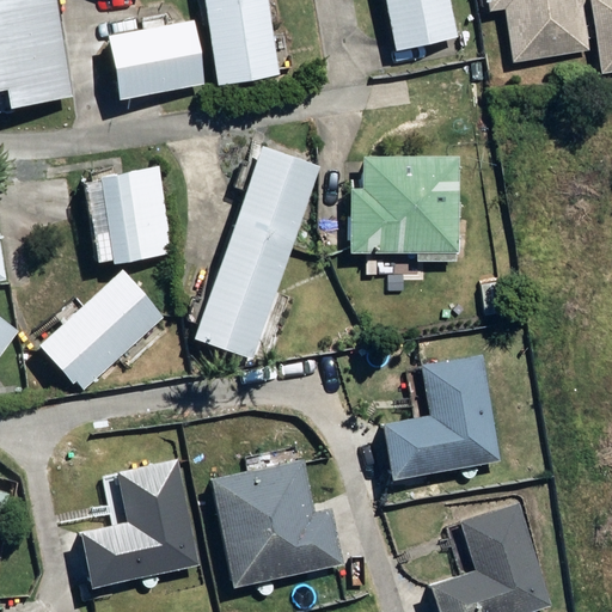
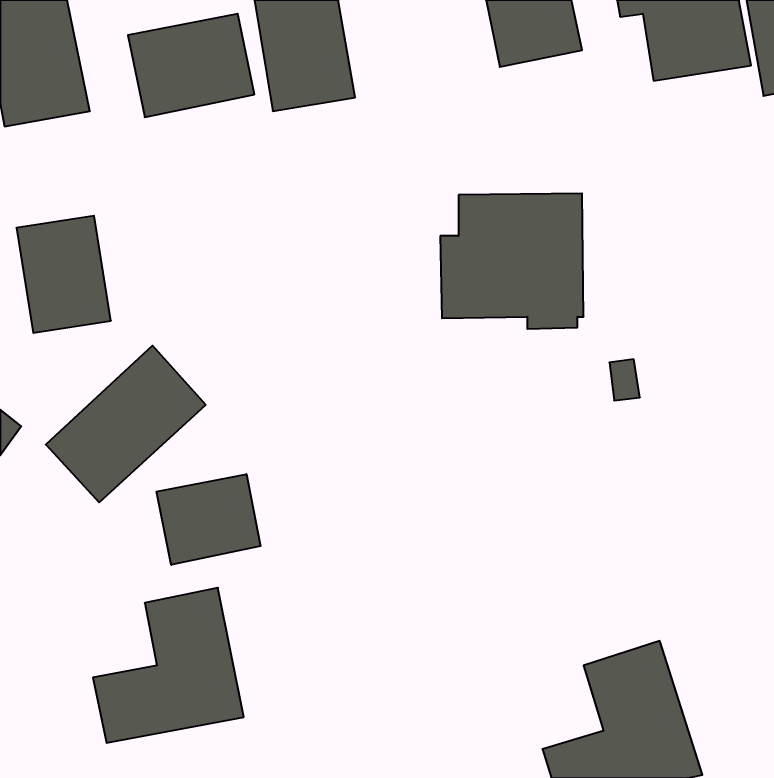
building: [194,140,322,355] -> none
building: [98,164,172,256] -> [16,216,111,333]
building: [379,357,496,477] -> none
building: none -> [157,474,261,565]
building: [212,461,347,590] -> none

